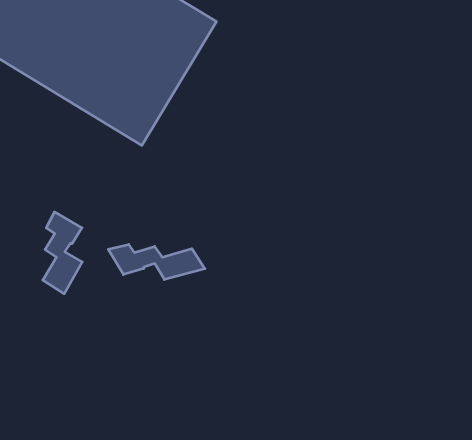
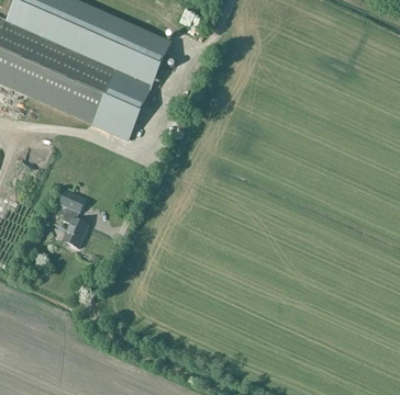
building: [108,244,205,280] -> none

